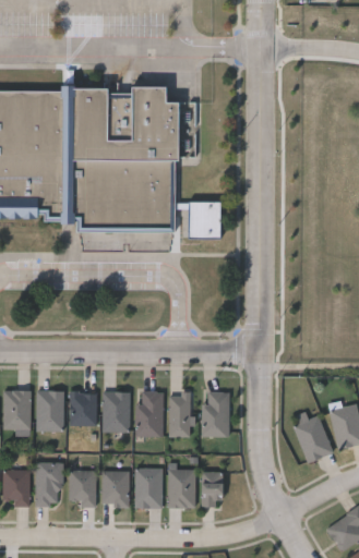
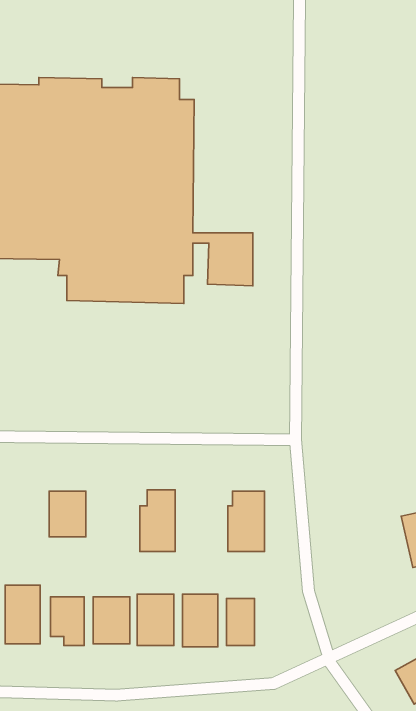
building: [37,390,63,430] -> none
building: [103,391,130,432] -> none
building: [169,393,190,437] -> none
building: [298,418,328,460] -> none

